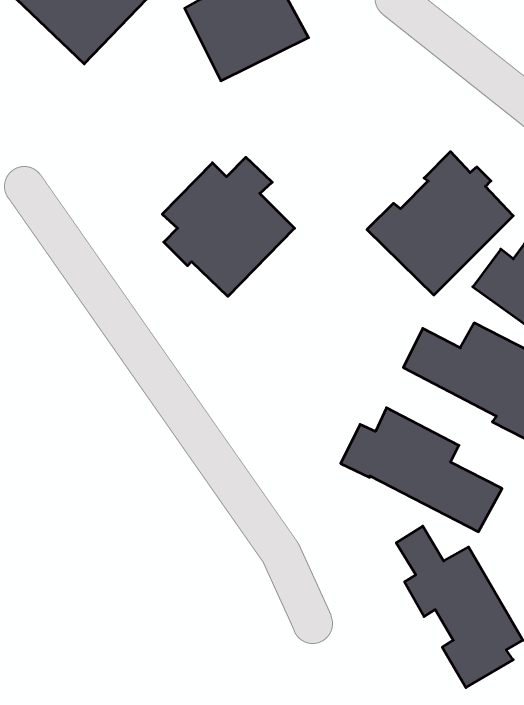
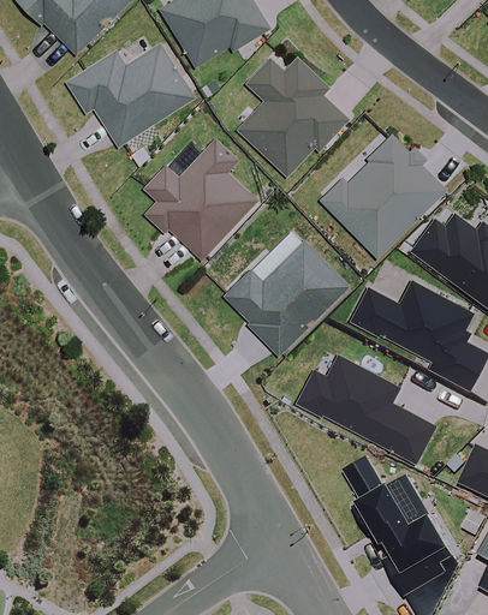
building: none -> [66,35,195,149]
building: none -> [238,54,349,174]
building: none -> [224,240,351,354]

